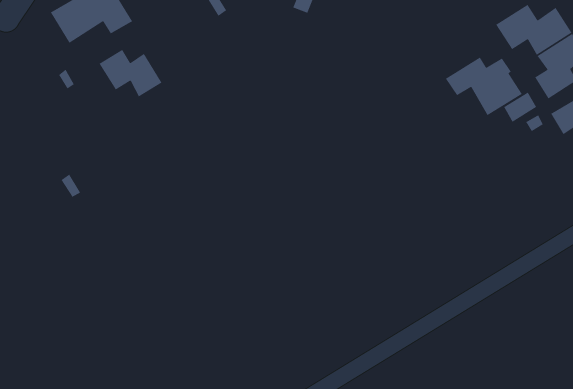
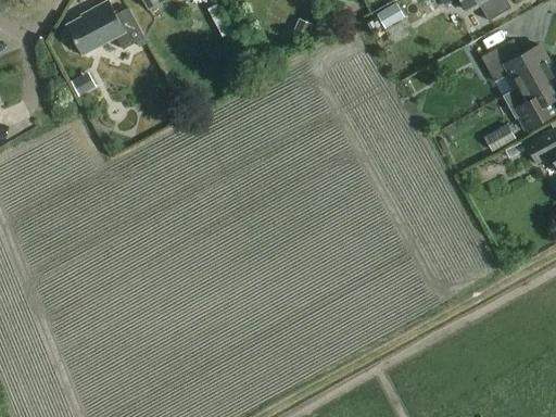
building: [99,49,163,98] -> none
building: [445,57,523,116] -> none

